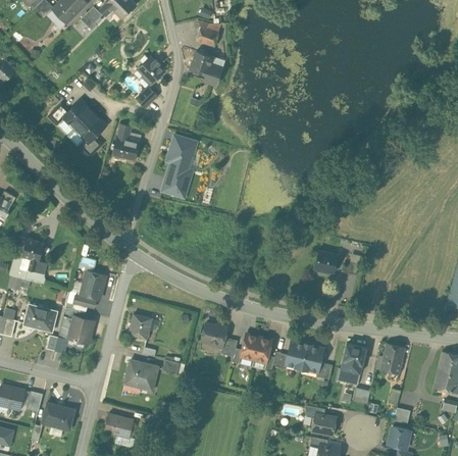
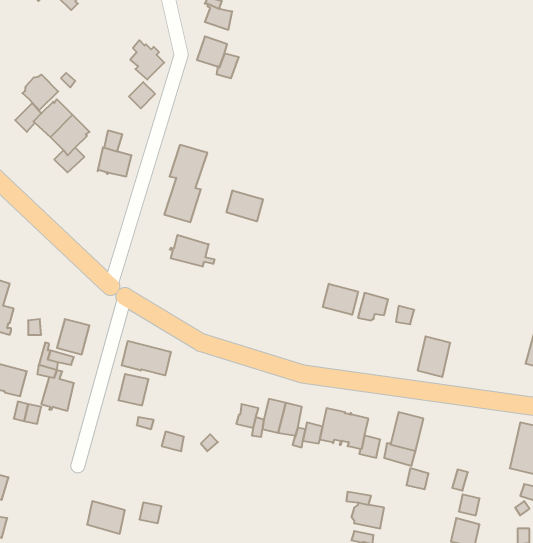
building: none -> [22,75,58,110]
building: none -> [226,190,263,221]
building: none -> [170,235,214,267]
building: none -> [323,284,358,315]
building: none -> [122,341,171,375]
building: [201,323,227,346] -> none
building: [379,343,405,374] -> [418,336,450,377]
building: [124,360,158,391] -> none
building: [42,403,74,430] -> none

